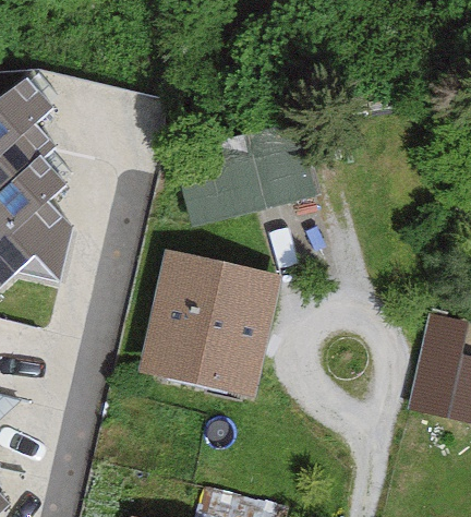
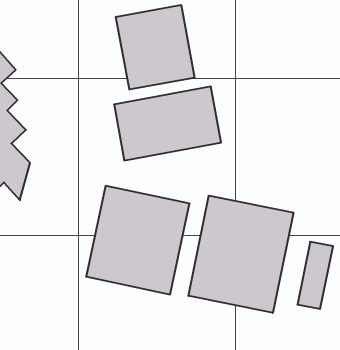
building: none -> [116,5,195,90]
building: none -> [188,196,293,313]

